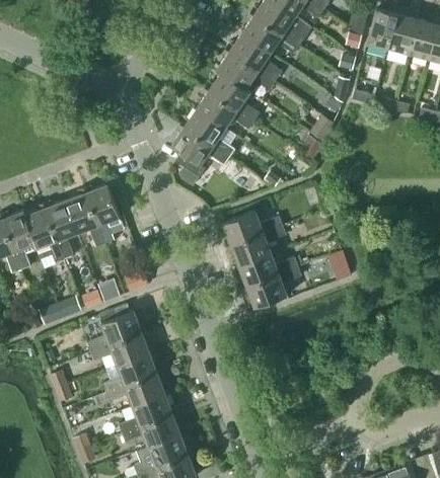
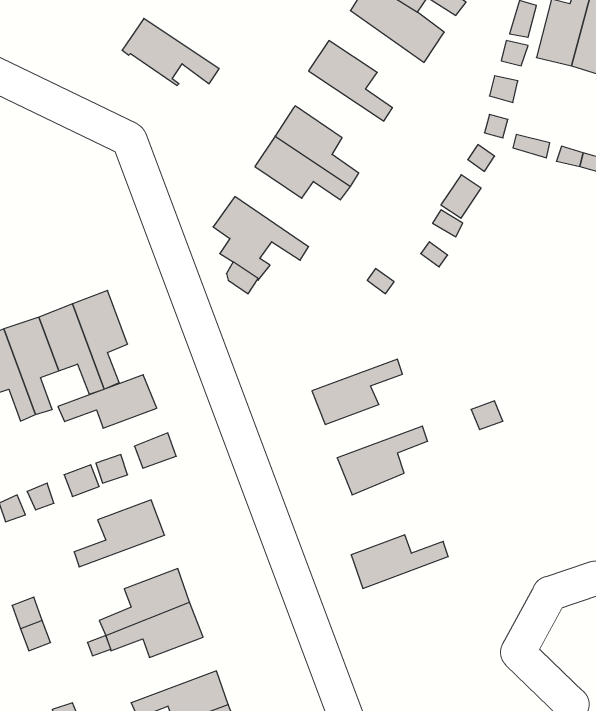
building: [241,15,299,55] -> none
building: [216,52,275,92] -> [122,18,219,85]
building: [185,109,235,158] -> none
building: [223,211,283,245] -> none
building: [239,253,298,286] -> [351,535,448,588]
building: [90,332,150,365] -> [58,375,157,428]
building: [119,394,173,433] -> none

